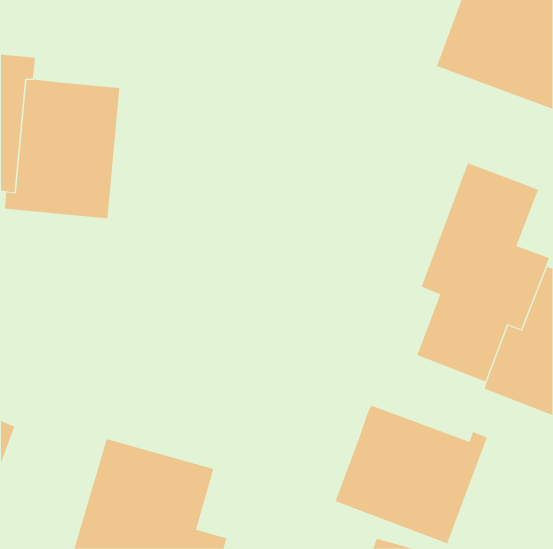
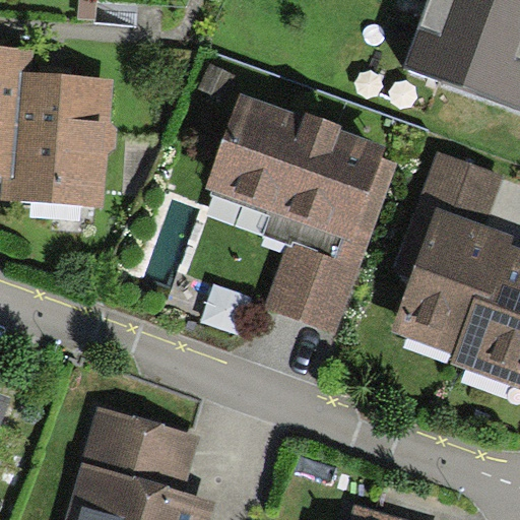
building: none -> [209,110,394,329]
building: [335,405,487,544] -> none

